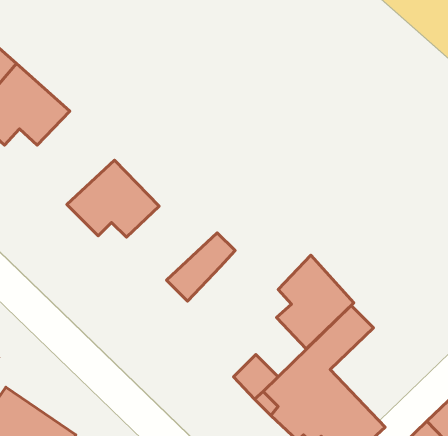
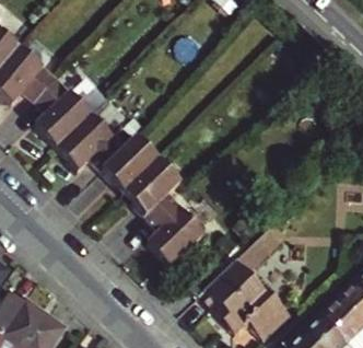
building: none -> [37,86,94,155]
building: none -> [103,144,169,211]
building: [277,255,354,349] -> [147,201,203,270]

